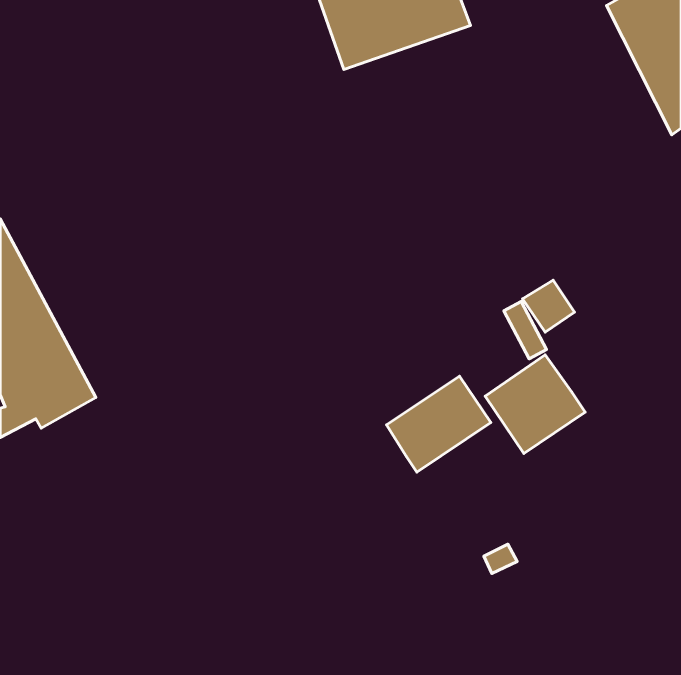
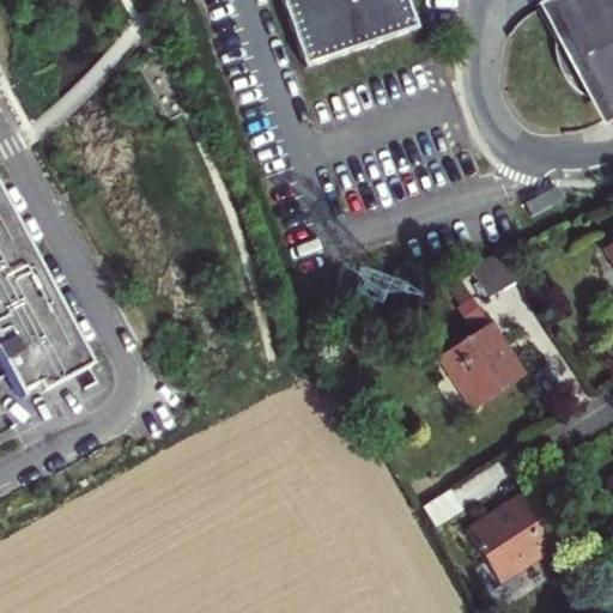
building: [387,376,491,472] -> none
building: none -> [465,486,563,582]

